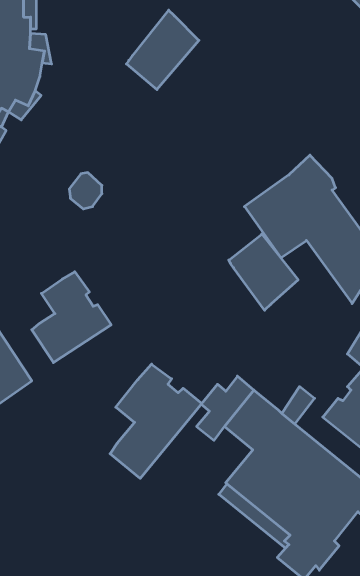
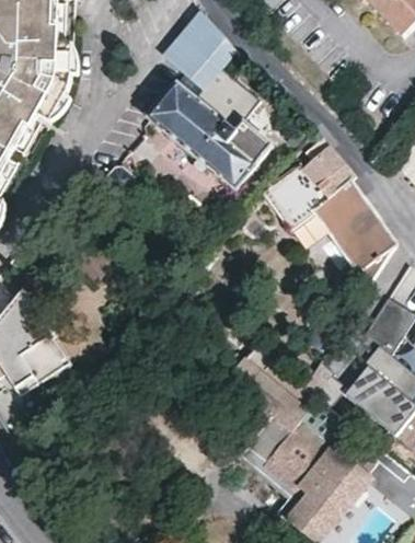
building: none -> [146,74,267,190]
building: [229,234,298,310] -> none
building: [32,272,111,363] -> none
building: [110,364,202,478] -> none

